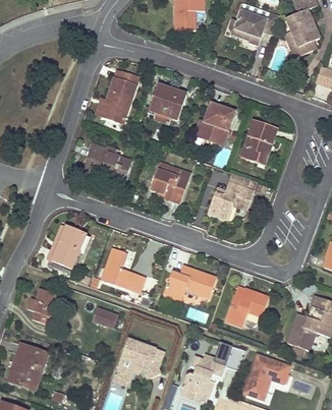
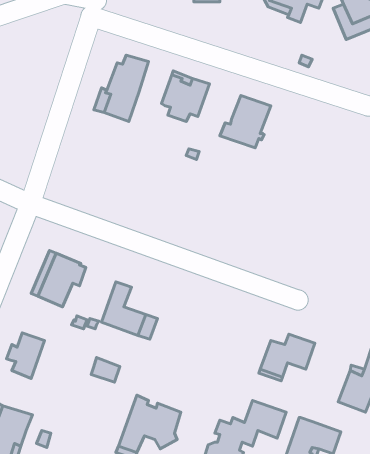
building: [240,119,277,162] -> none
building: [81,143,131,181] -> none
building: [150,161,190,203] -> none
building: [208,172,256,220] -> none
building: [163,267,216,301] -> none

